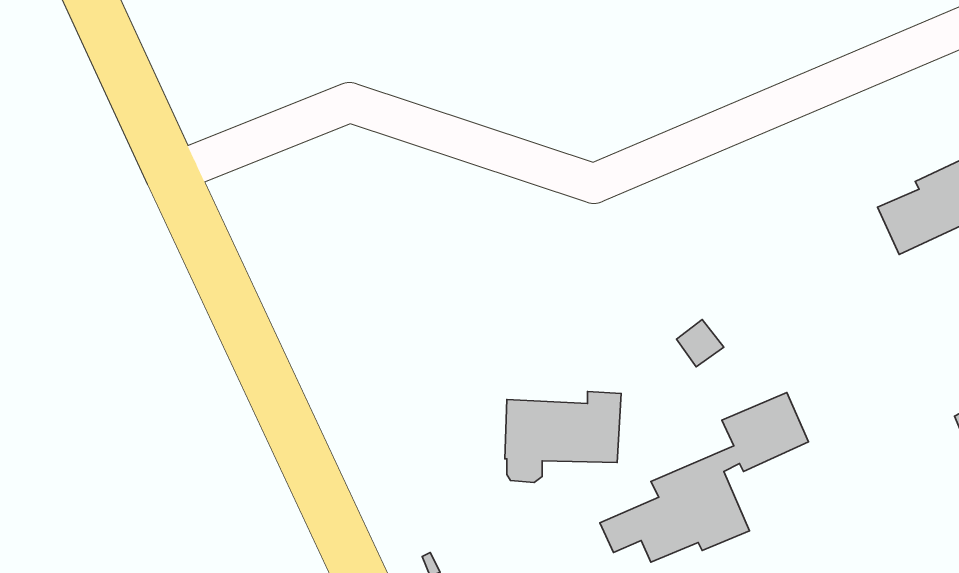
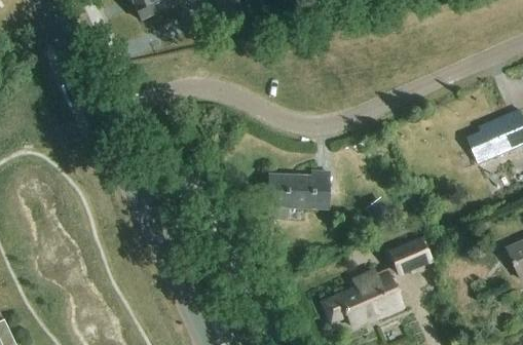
building: [505,392,621,482] -> [268,170,329,218]

